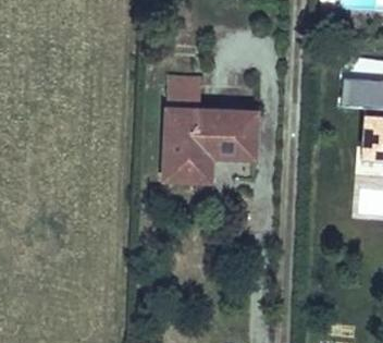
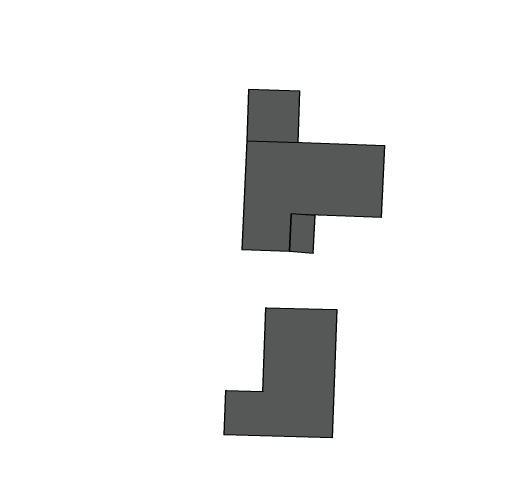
building: none -> [224,308,337,438]

